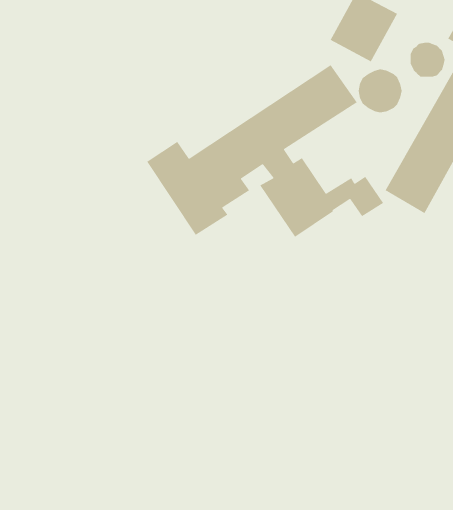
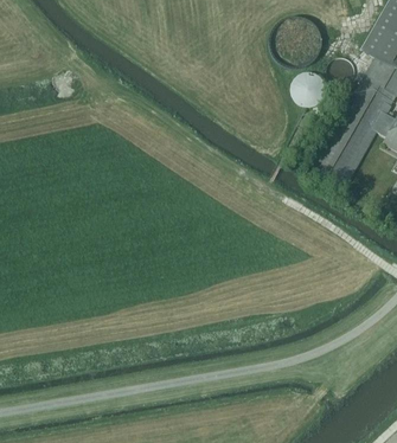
building: [146,64,384,238] -> none

